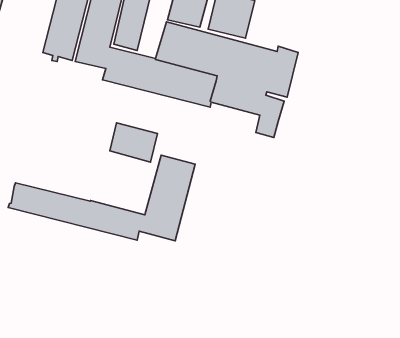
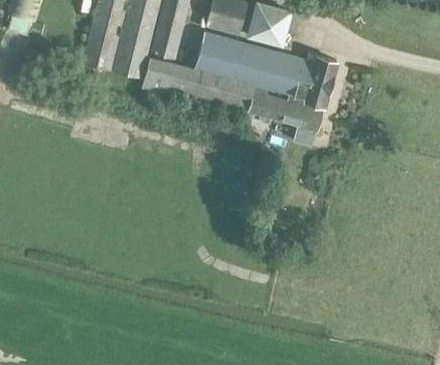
building: [110,123,158,162] -> none
building: [8,155,195,241] -> none

